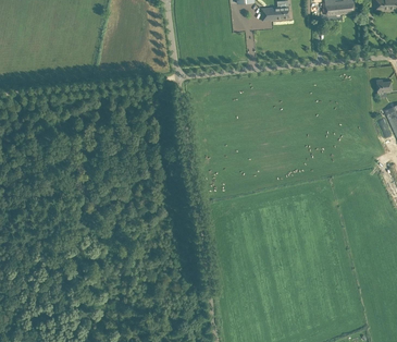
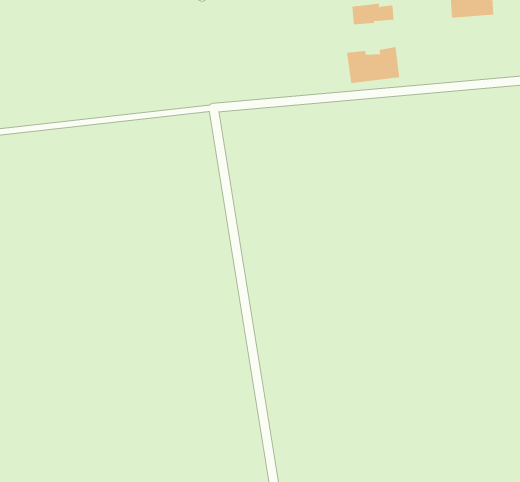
building: none -> [347,46,400,84]

